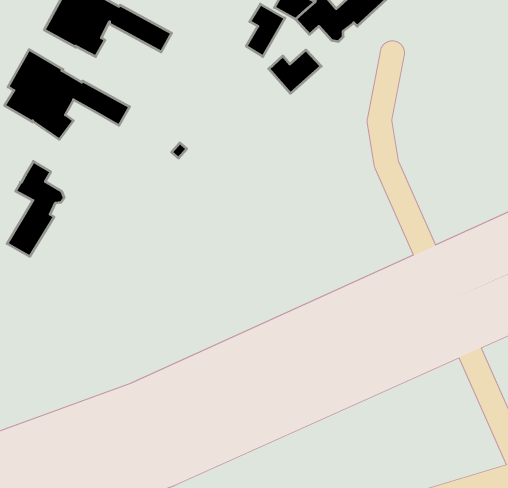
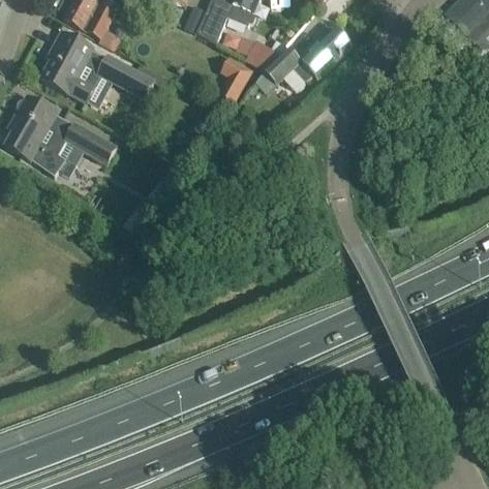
building: [269,50,321,93] -> none
building: [7,161,64,256] -> none

